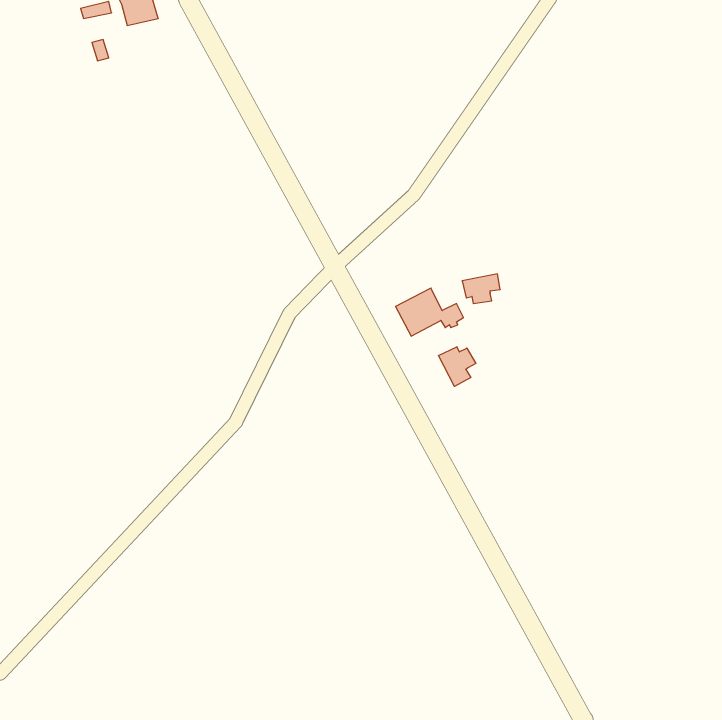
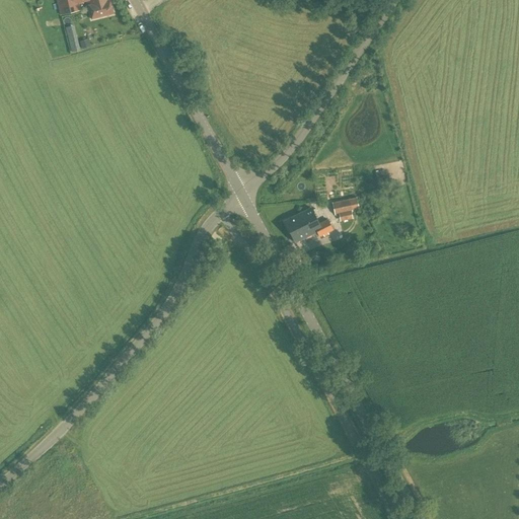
building: [438,347,476,386] -> none

